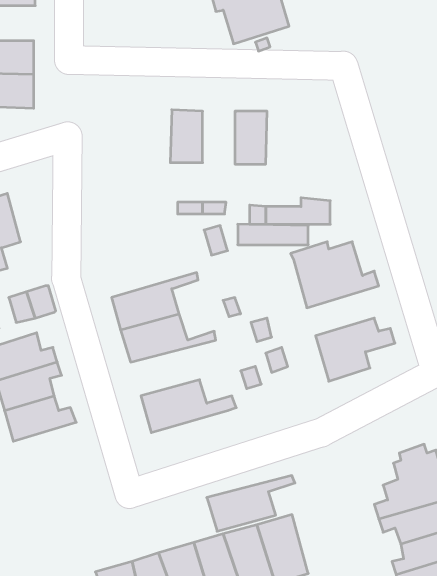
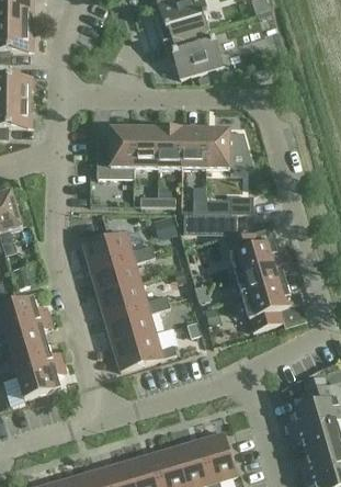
building: none -> [158,127,183,169]
building: none -> [96,128,135,179]
building: none -> [205,129,249,169]
building: none -> [82,230,154,269]
building: none -> [236,260,292,297]
building: none -> [16,362,66,398]
building: [207,476,295,531] -> [104,301,170,342]

